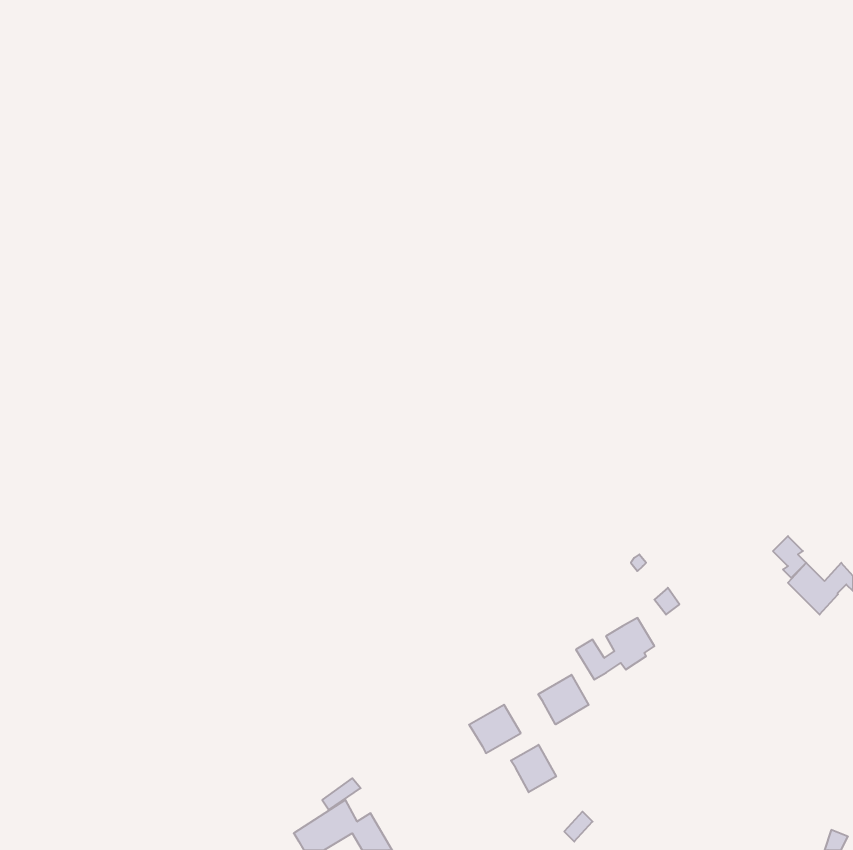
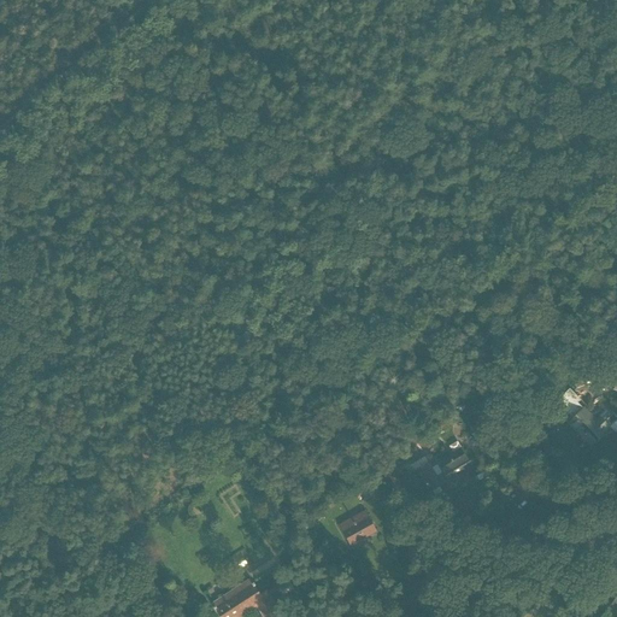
building: [538,675,589,724] -> none
building: [511,745,556,792] -> none

